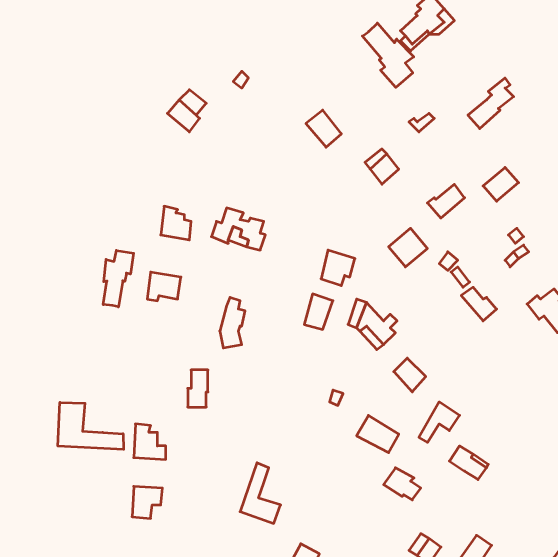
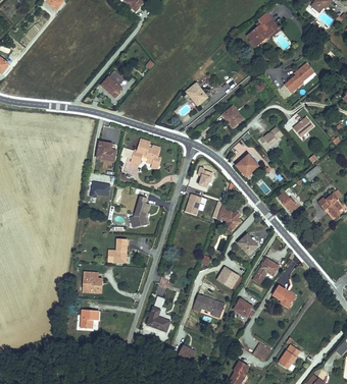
building: [362,23,414,87] -> none
building: [103,250,134,307] -> none
building: [58,402,124,449] -> none
building: none -> [192,295,221,320]

